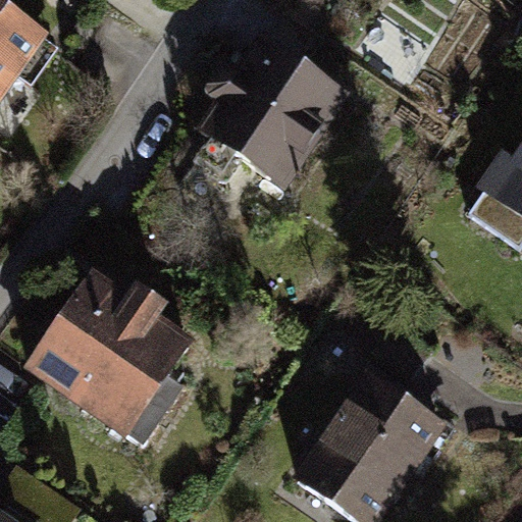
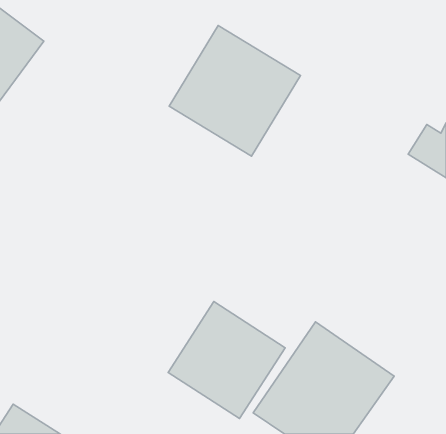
building: [27,276,205,450] -> none
building: none -> [168,302,285,418]

